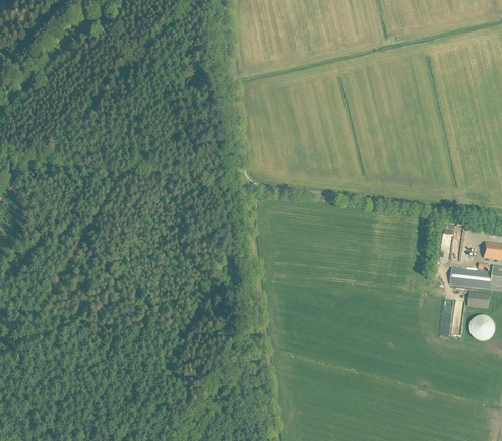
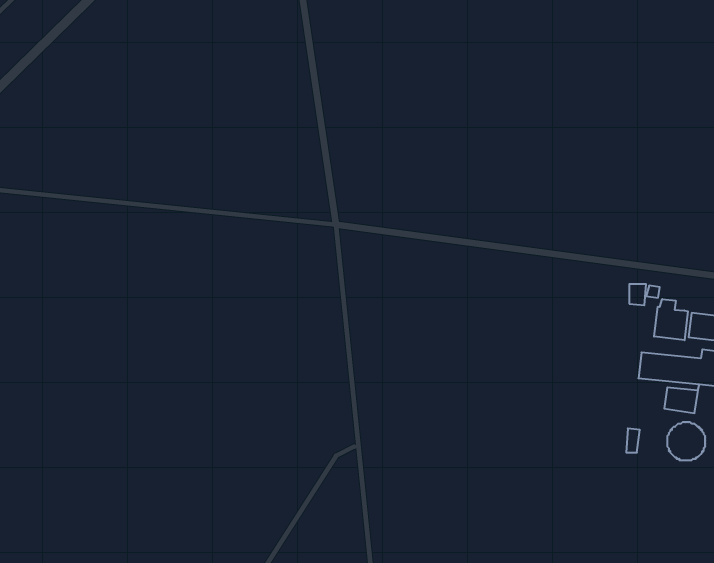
building: none -> [654,299,688,340]

